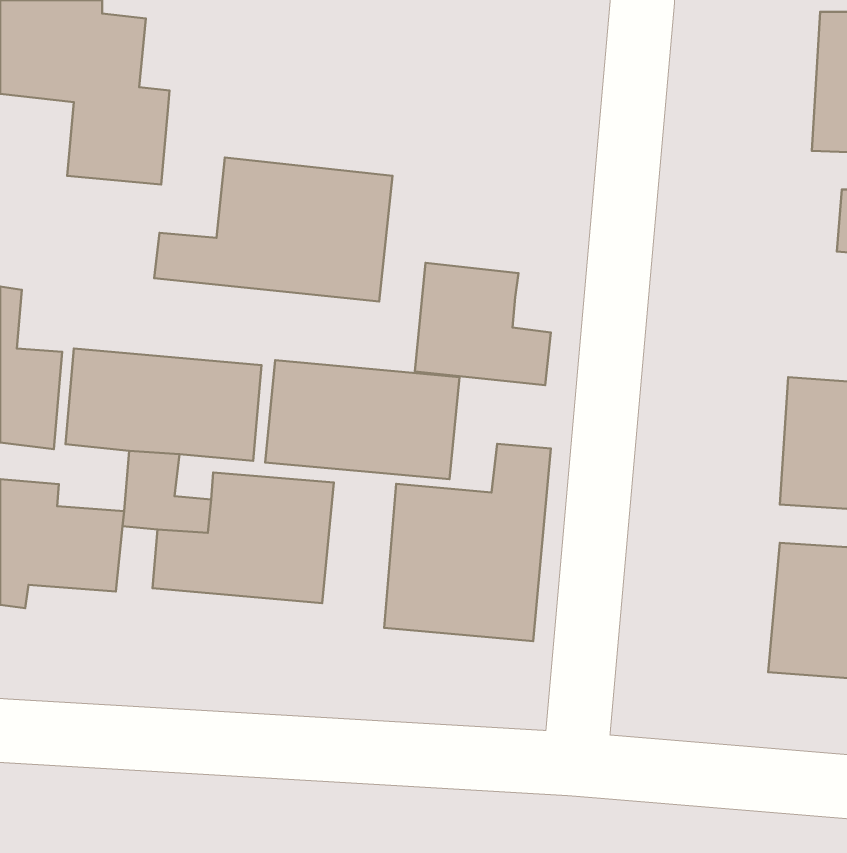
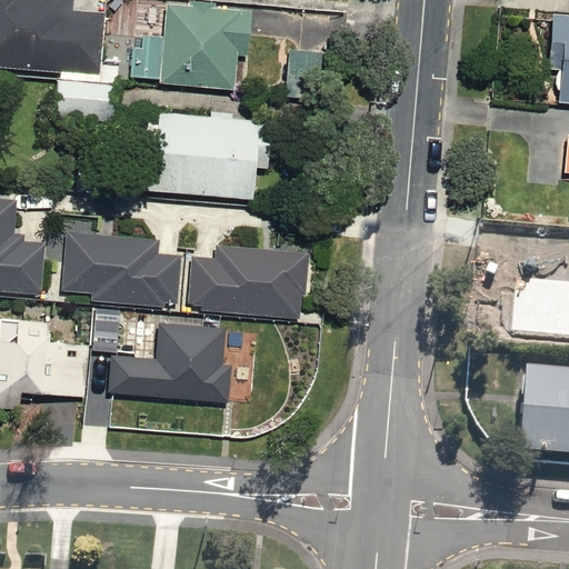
building: none -> [118,8,254,88]
building: [415,263,551,385] -> none
building: [384,444,551,641] -> none

